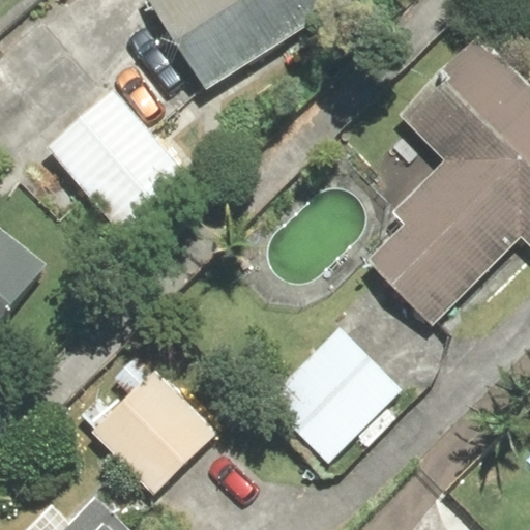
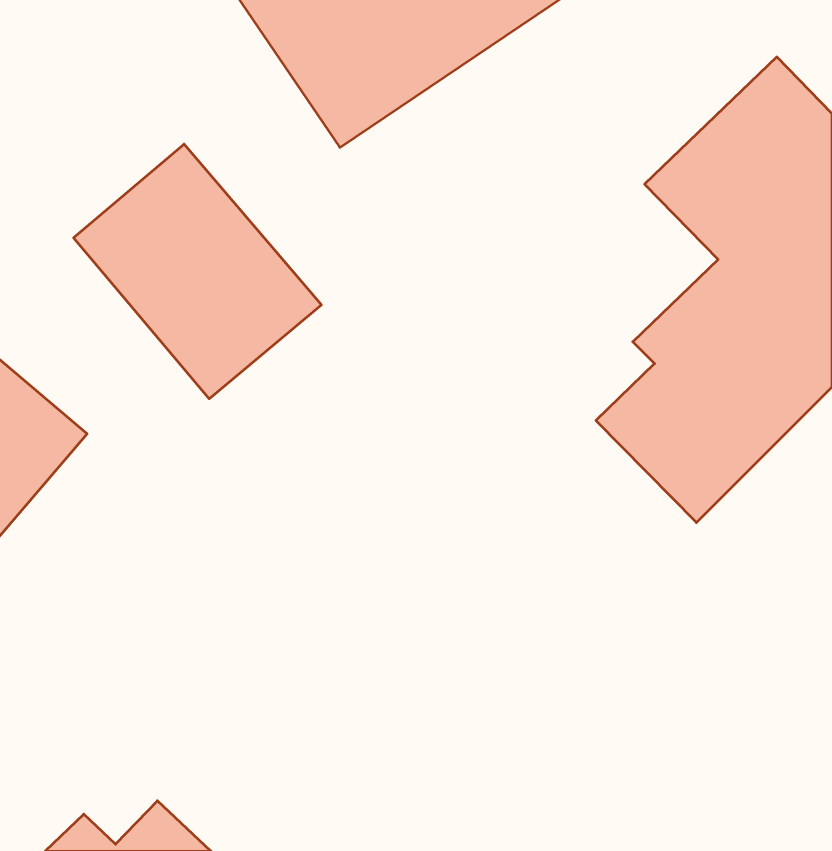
building: [264,327,401,464] -> none
building: [90,370,216,495] -> none

